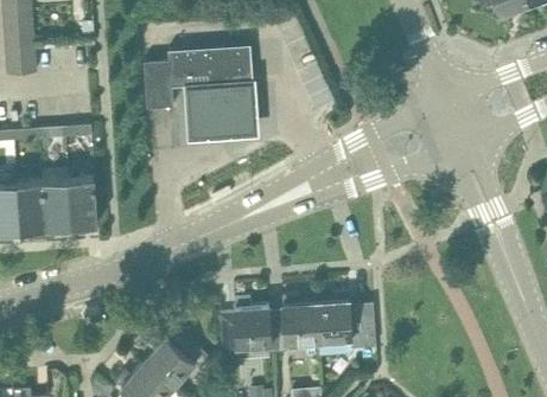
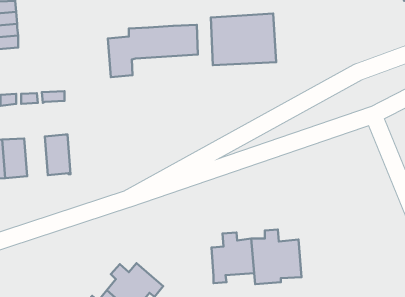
building: [176,82,254,143] -> [211,14,276,65]
building: [42,180,70,228] -> none
building: [220,299,269,359] -> none

